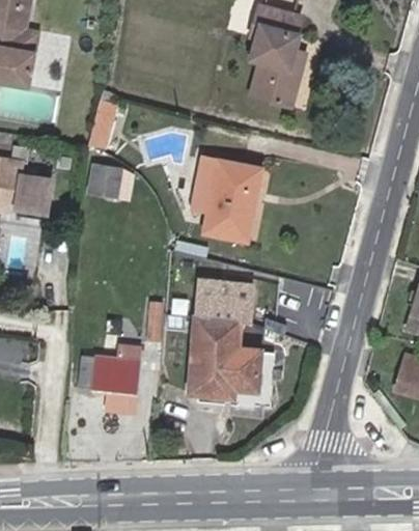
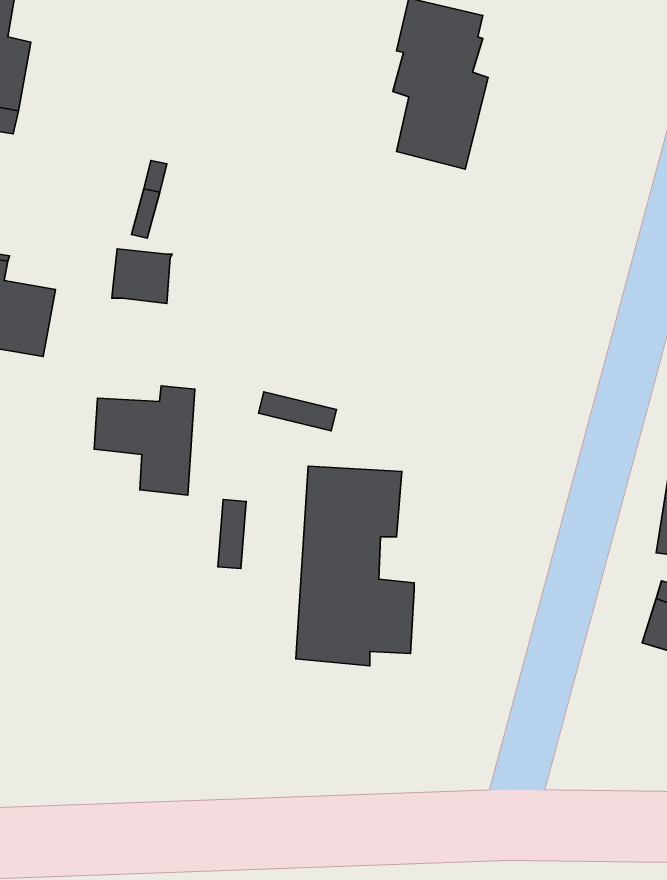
building: [196,160,261,245] -> none
building: [80,348,139,413] -> [94,386,195,495]

